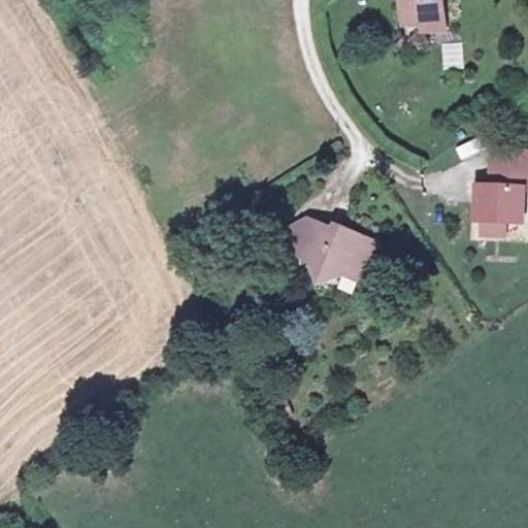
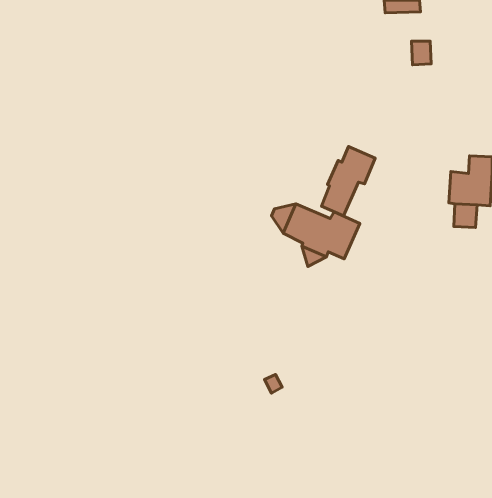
building: none -> [321,147,375,216]

